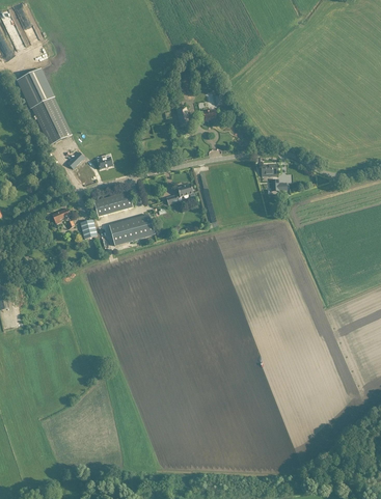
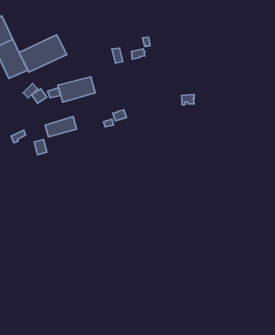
building: none -> [19,35,67,72]
building: [108,215,154,246] -> [58,77,95,102]

